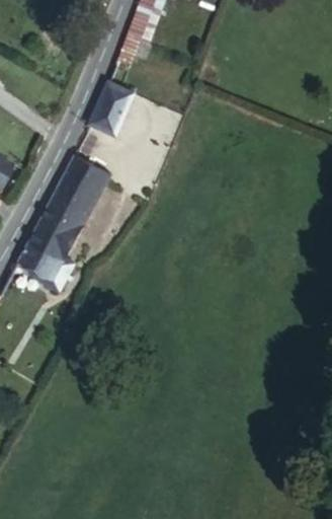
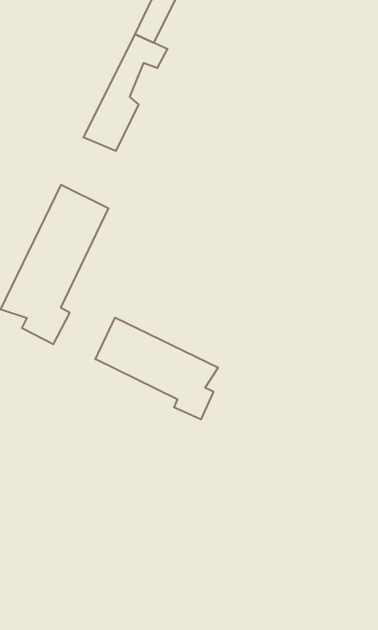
building: none -> [95,318,218,419]

